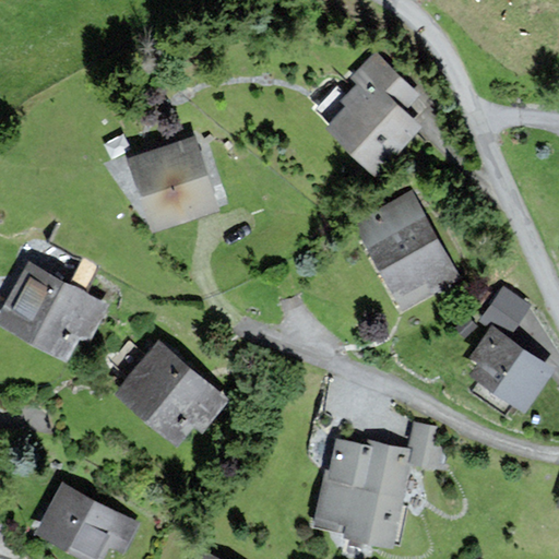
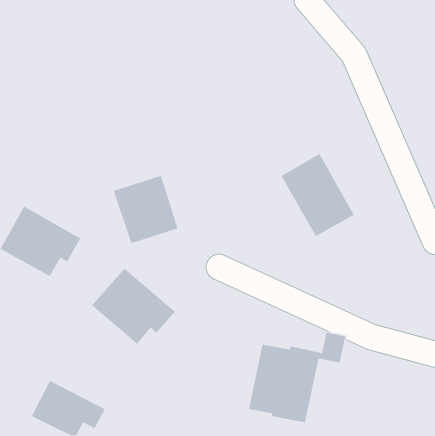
building: [331,57,417,169] -> none
building: [130,139,214,227] -> [113,175,179,244]
building: [474,290,549,406] -> none

